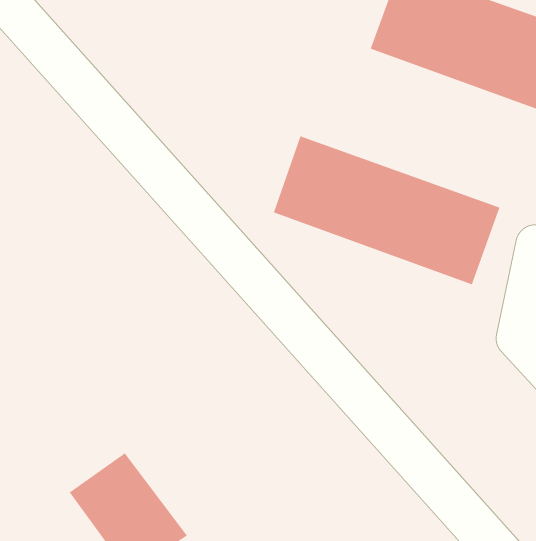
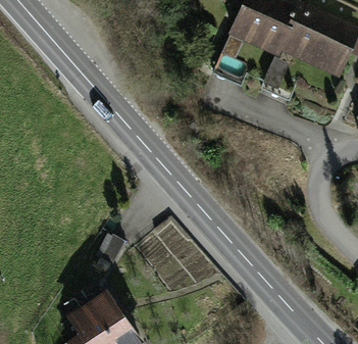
building: [273,136,500,285] -> none

